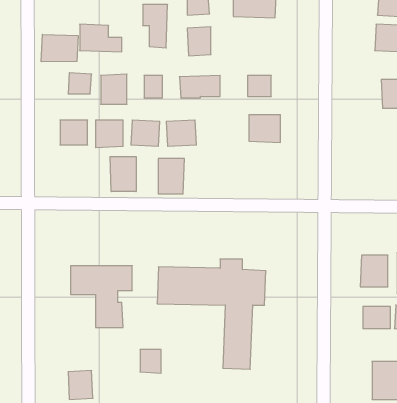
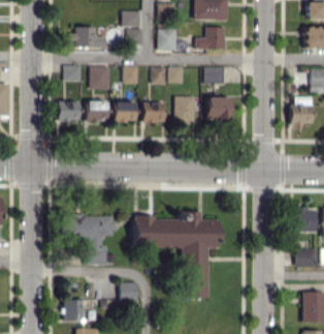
building: none -> [196,27,226,49]
building: [41,34,78,62] -> none
building: none -> [291,96,313,124]
building: [110,157,136,192] -> none
building: [158,159,184,194] -> [175,96,196,124]

